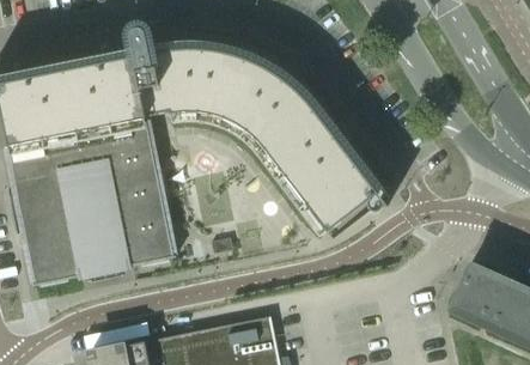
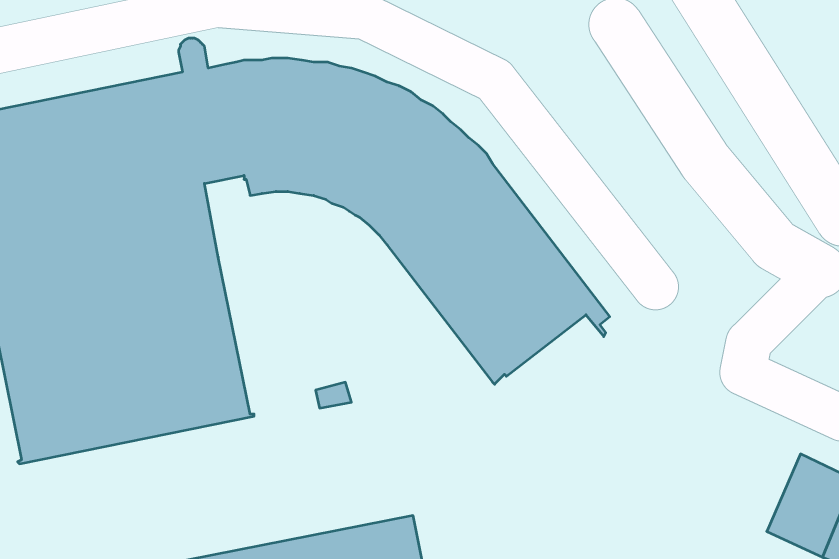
building: [449,262,504,324] -> none

